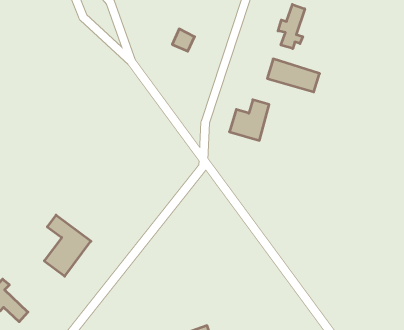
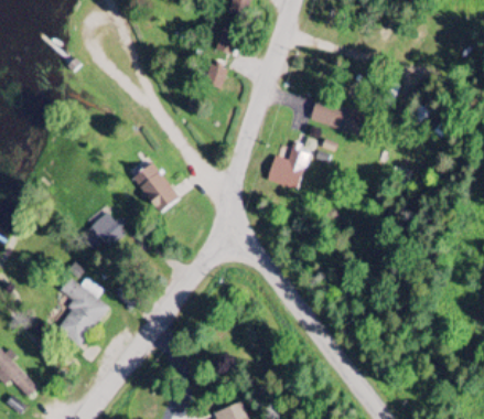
building: [278,4,305,49] -> none
building: none -> [131,161,180,212]
building: none -> [92,215,120,245]

